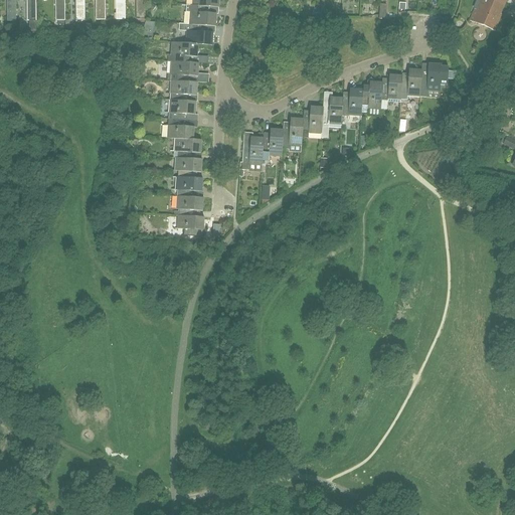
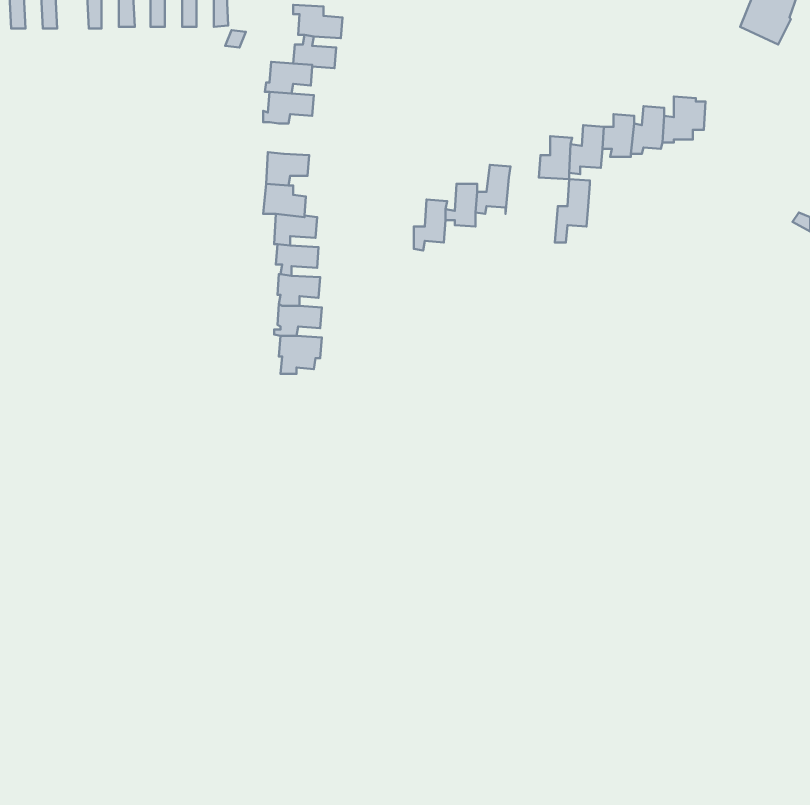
building: [170,77,197,98] -> none
building: [321,96,343,136] -> [555,179,590,242]
building: [239,135,264,174] -> none

